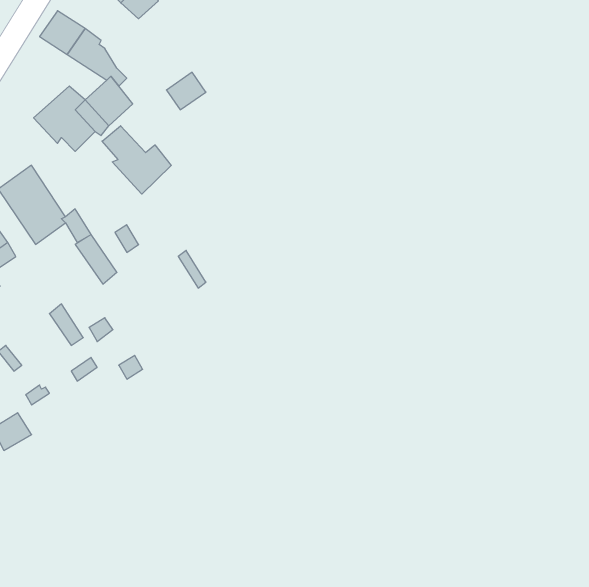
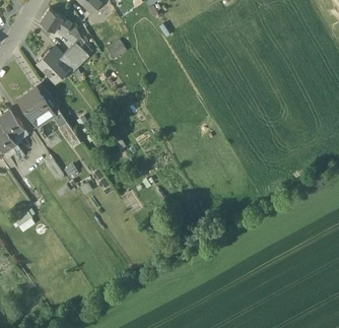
building: [102,126,171,194] -> none

